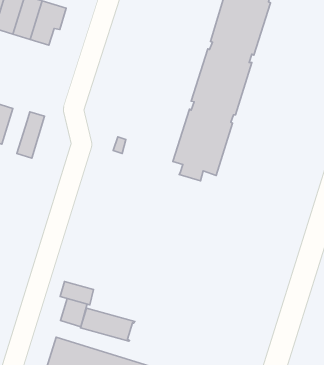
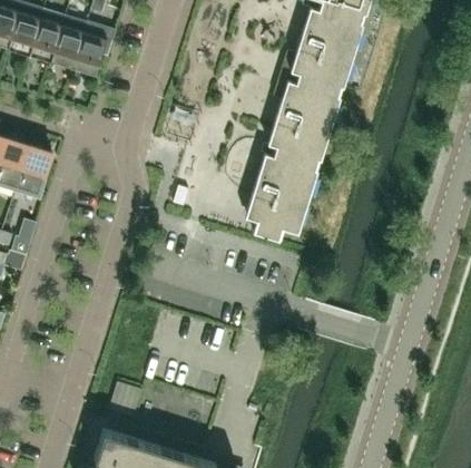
building: [17,112,45,158] -> none
building: [60,282,94,305] -> none
building: [81,308,135,341] -> none

